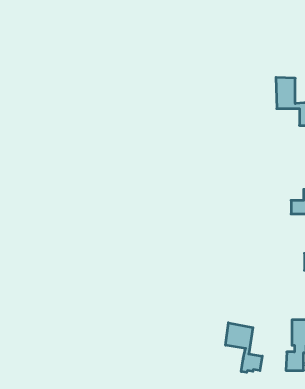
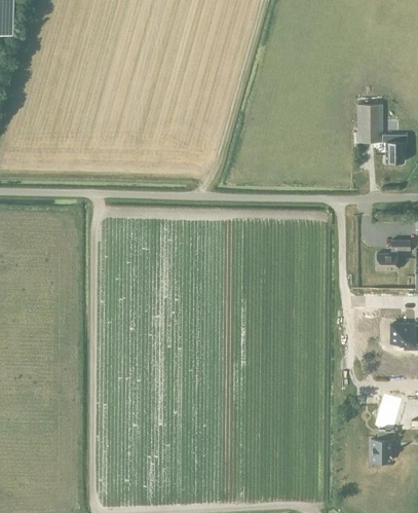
building: [226,323,262,372] -> none

